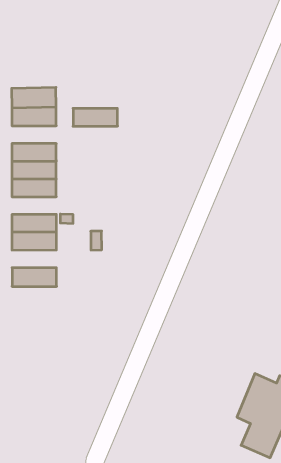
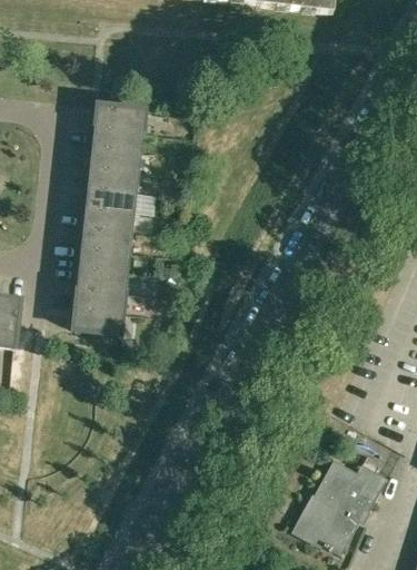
building: [73,108,118,126] -> [88,146,140,171]
building: none -> [79,226,131,252]
building: none -> [72,286,125,312]

